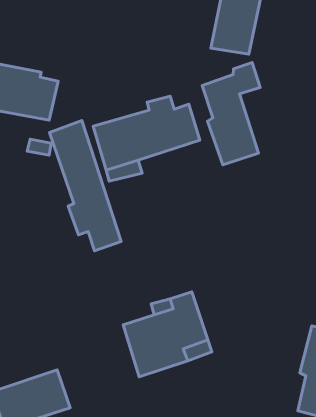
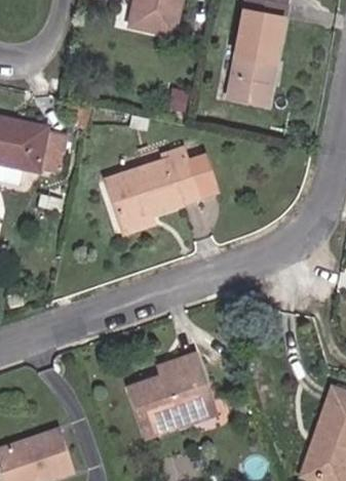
building: [202,62,260,165] -> none
building: [49,120,121,251] -> none

